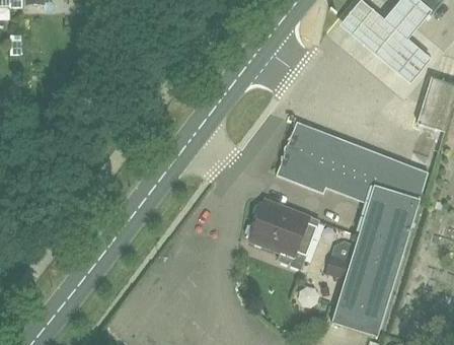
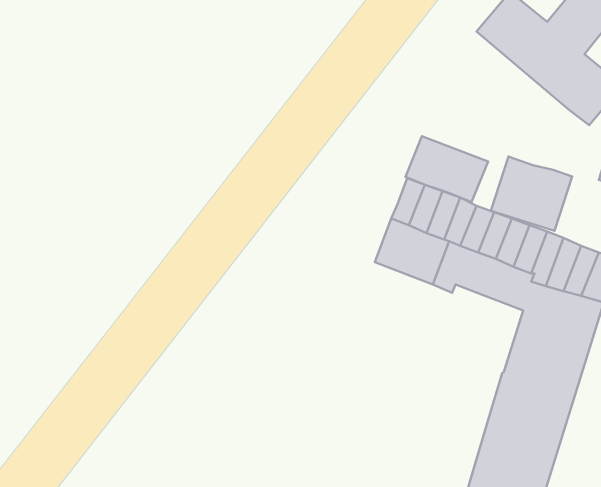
building: none -> [405,136,488,202]
building: none -> [491,157,572,231]
building: [247,199,318,268] -> none
building: [327,240,357,278] -> none

